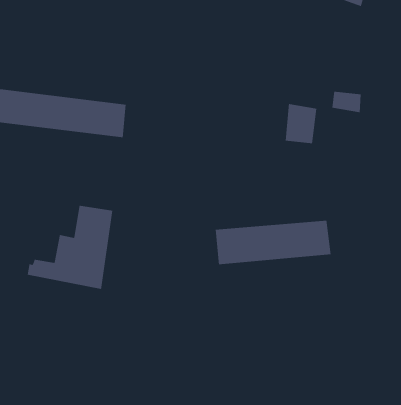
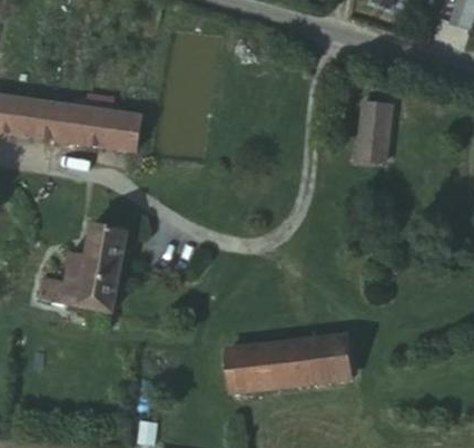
building: [285,103,317,144] -> [356,117,391,160]
building: [215,220,331,265] -> [227,338,352,386]

